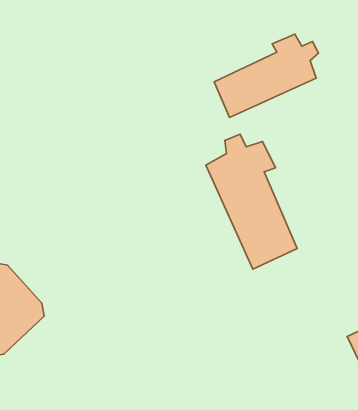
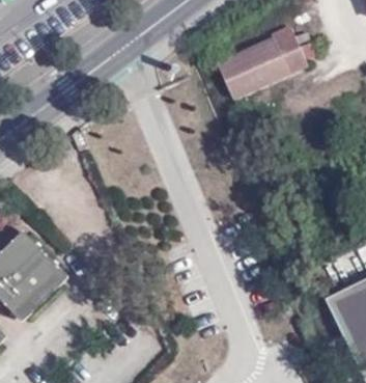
building: [206,134,297,269] -> none

